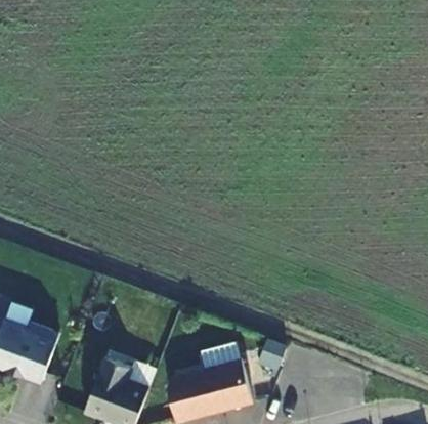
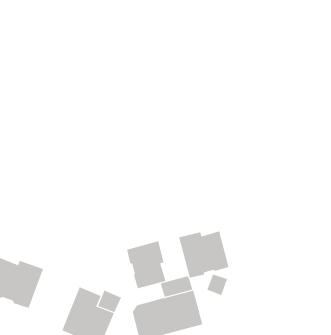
building: none -> [178,231,229,278]
building: none -> [127,240,166,289]

